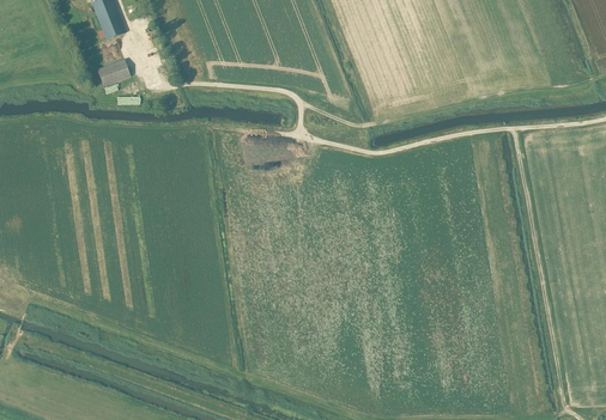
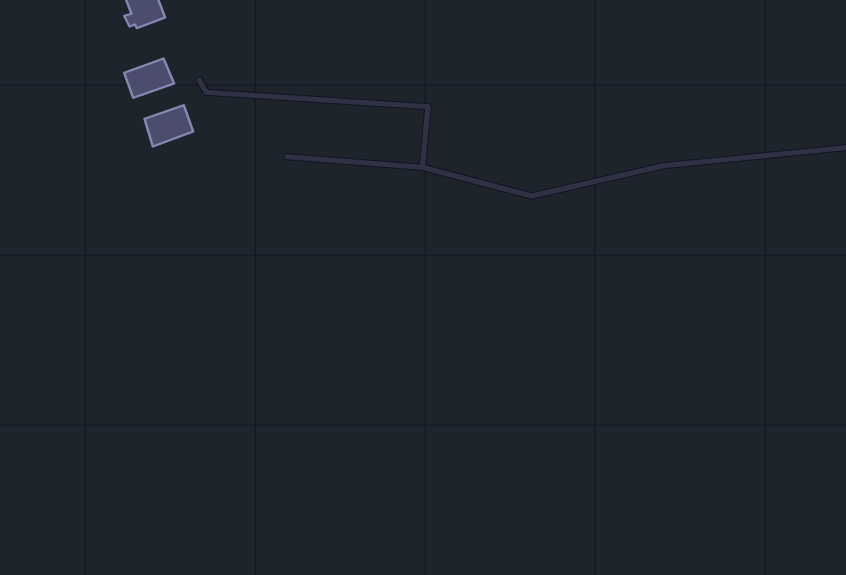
building: none -> [145,105,193,146]

